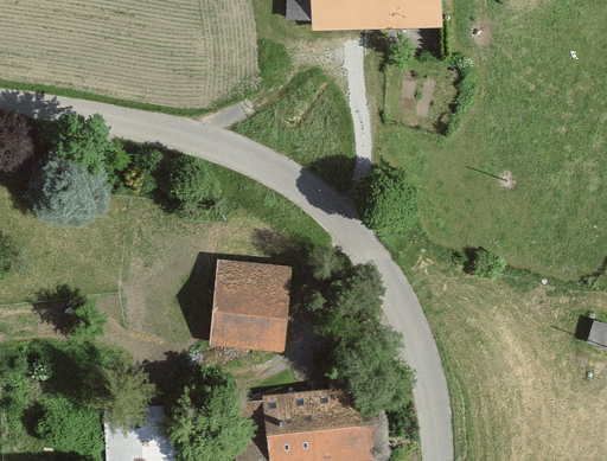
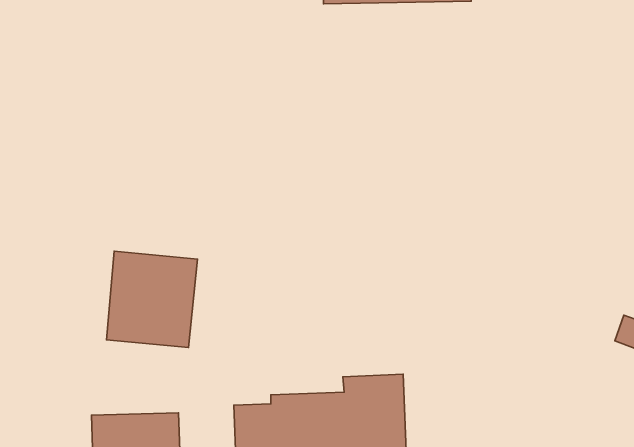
building: [207,258,292,347] -> [106,251,198,348]

